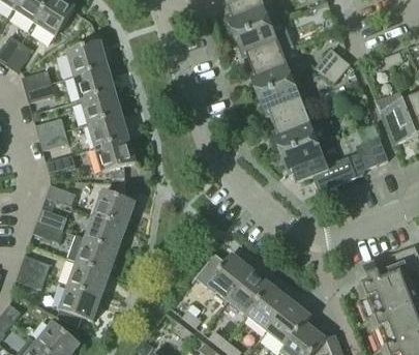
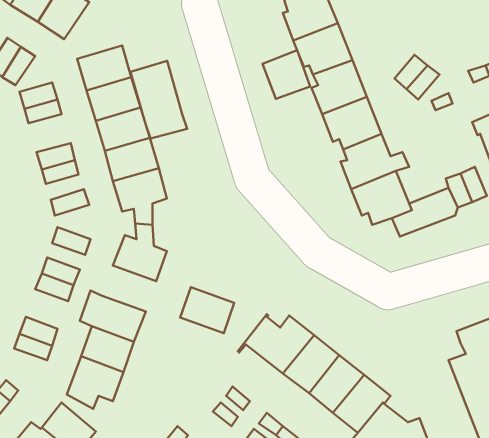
building: none -> [262,50,310,99]
building: none -> [130,61,187,138]
building: [85,213,127,249] -> [180,287,234,333]

